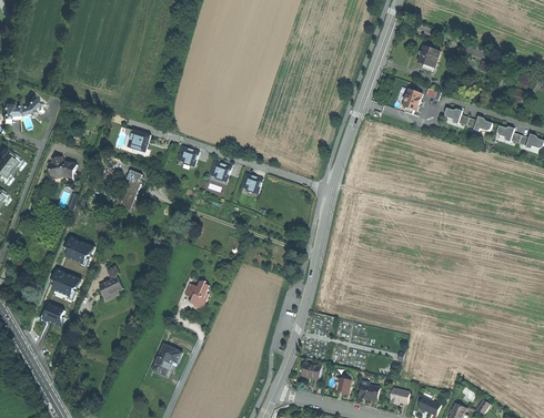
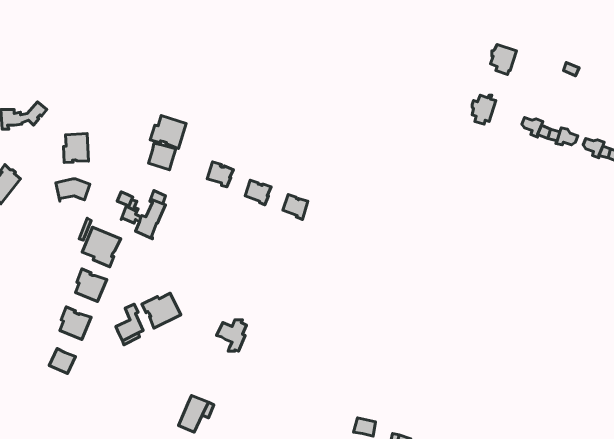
building: none -> [150,116,186,148]
building: none -> [64,134,88,163]
building: none -> [82,227,121,267]
building: none -> [142,293,181,328]

